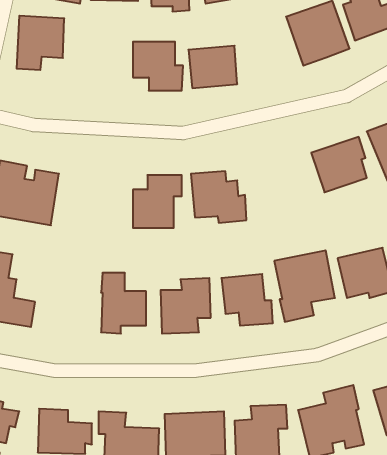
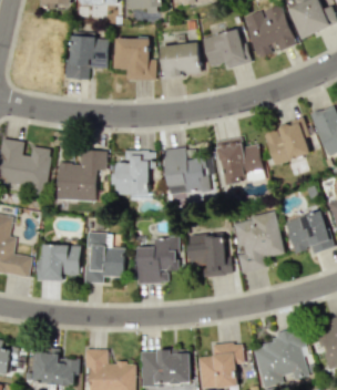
building: [17,16,64,70] -> [68,34,108,80]
building: none -> [202,29,251,71]
building: none -> [216,137,263,184]
building: none -> [55,150,106,202]
building: none -> [39,244,80,280]

